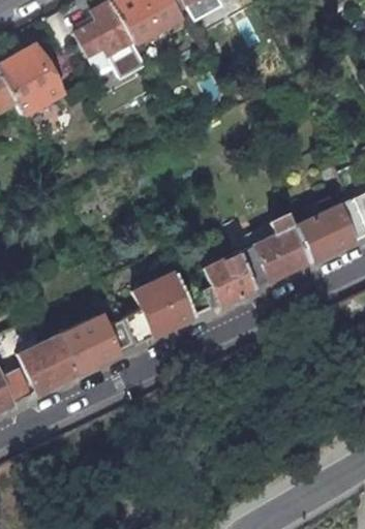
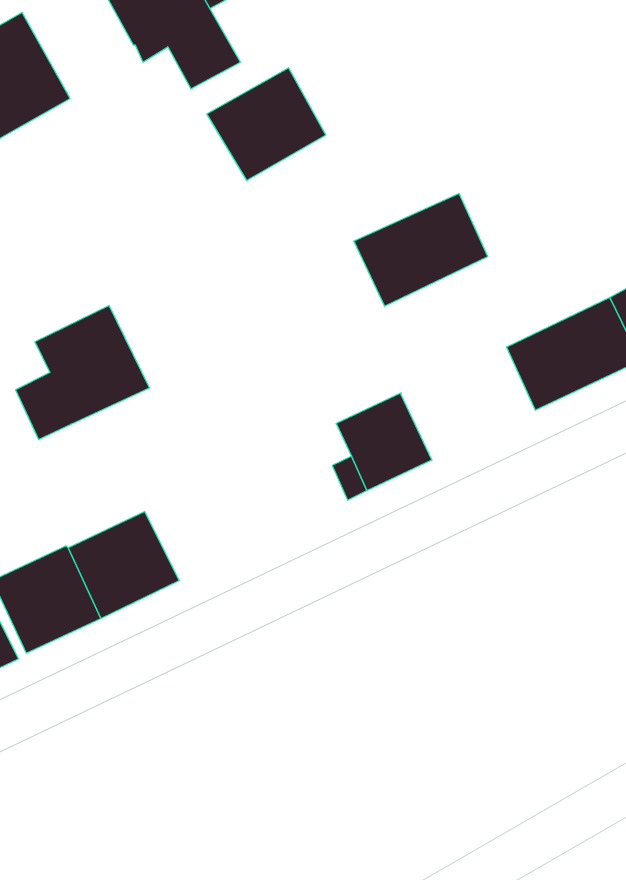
building: none -> [207,68,326,181]
building: [240,226,312,287] -> [354,193,488,306]
building: [125,272,197,344] -> [16,306,150,439]

